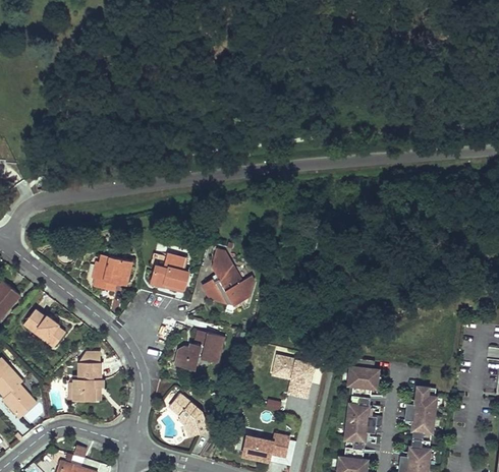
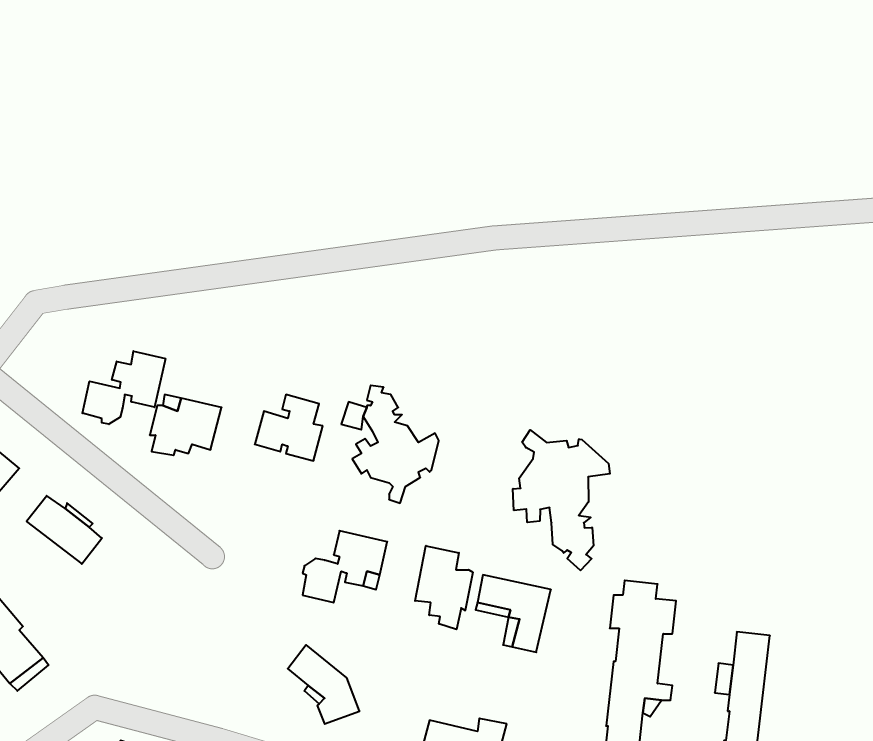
building: none -> [82,351,165,424]
building: none -> [513,430,610,570]
building: none -> [415,546,473,629]
building: [73,352,102,400] -> none

